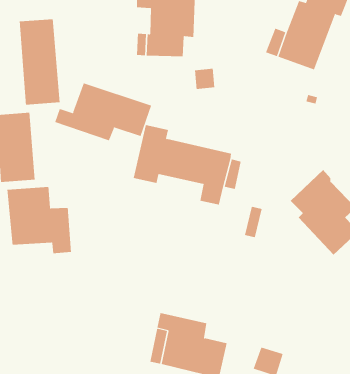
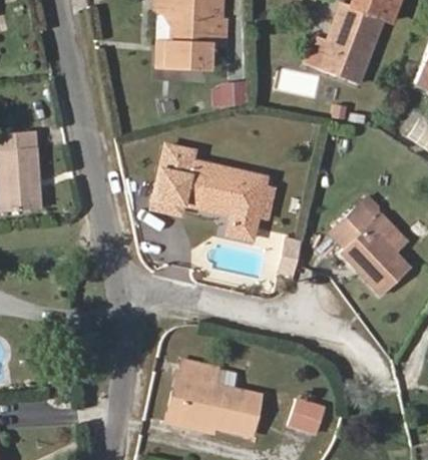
building: [19,18,60,105] -> none
building: [55,82,152,141] -> none
building: [7,186,71,254] -> none

